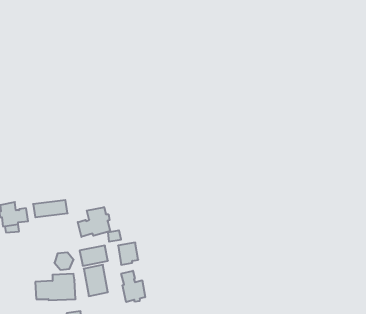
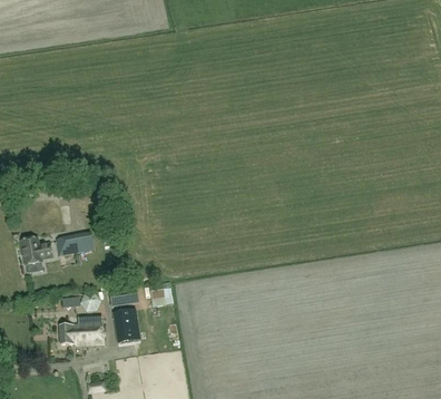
building: [78,207,110,237] -> none
building: [121,271,145,302] -> none

